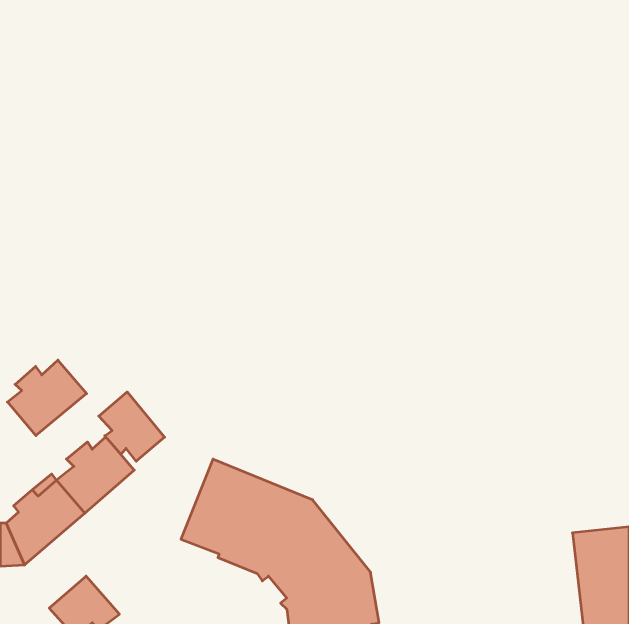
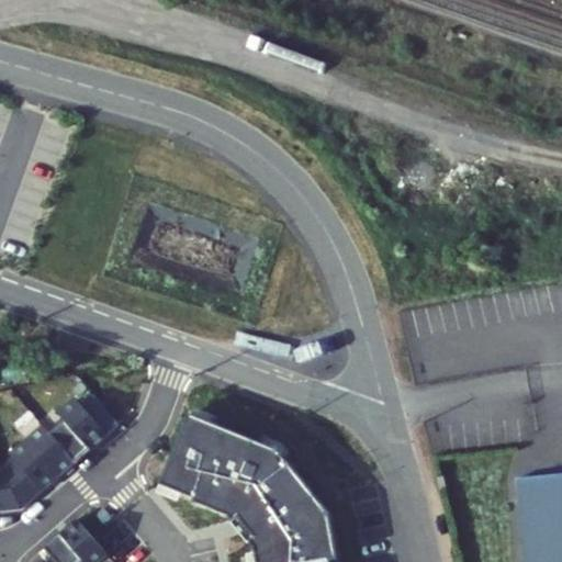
building: [7,360,87,436] -> none
building: [99,392,165,461] -> none

